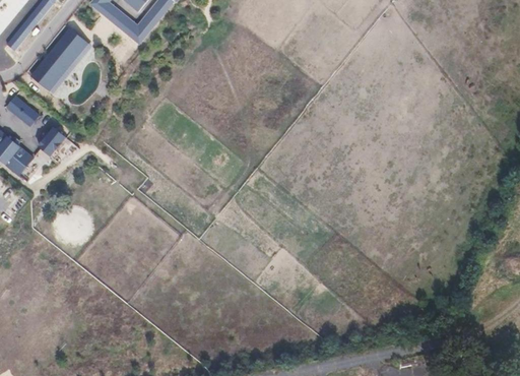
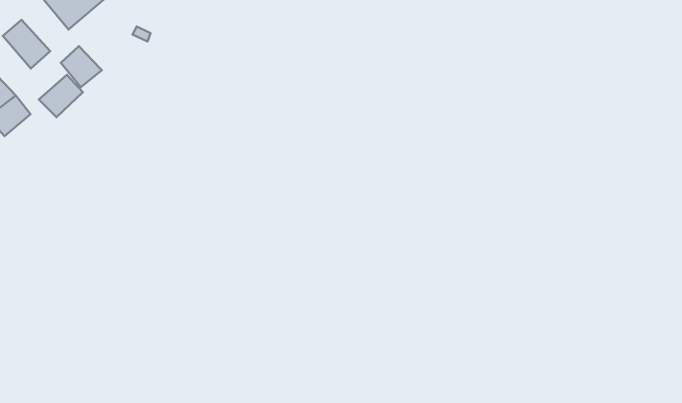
building: none -> [61,46,102,87]

